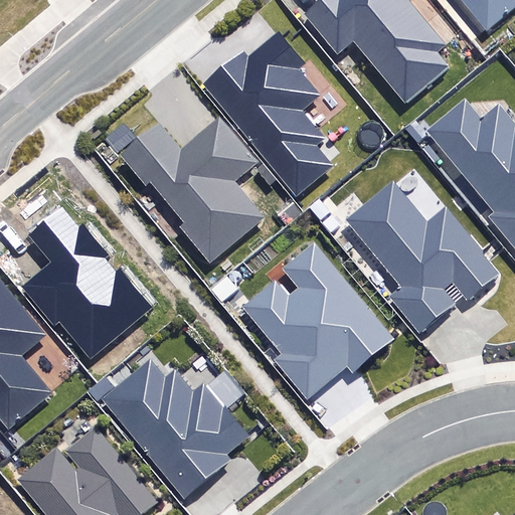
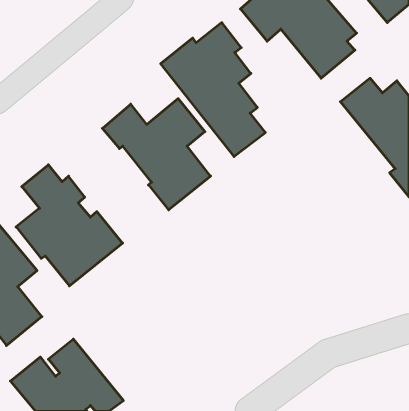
building: [349,186,501,336] -> none
building: [246,247,394,400] -> none
building: [108,365,250,501] -> none

